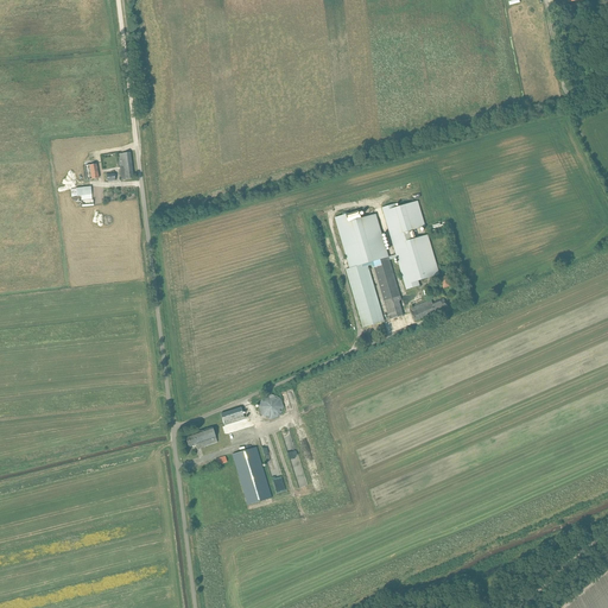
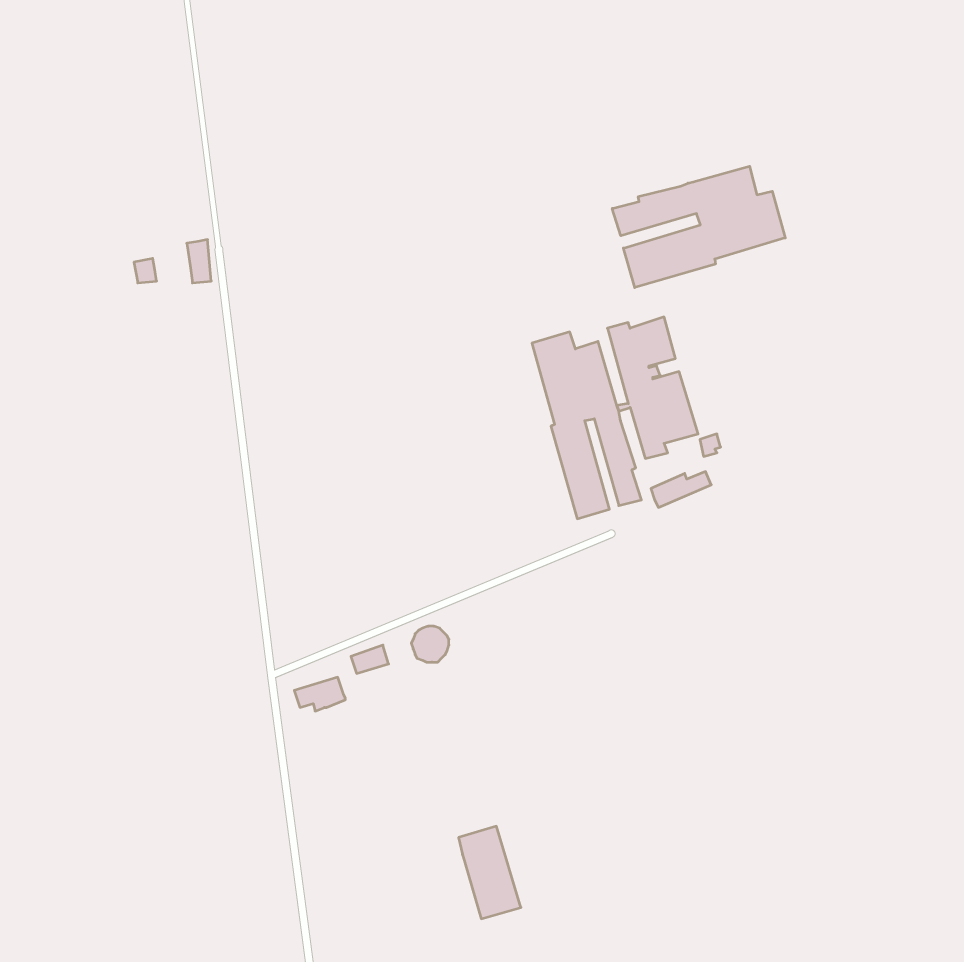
building: none -> [612,166,785,288]
building: [233,445,272,504] -> [459,826,521,919]

